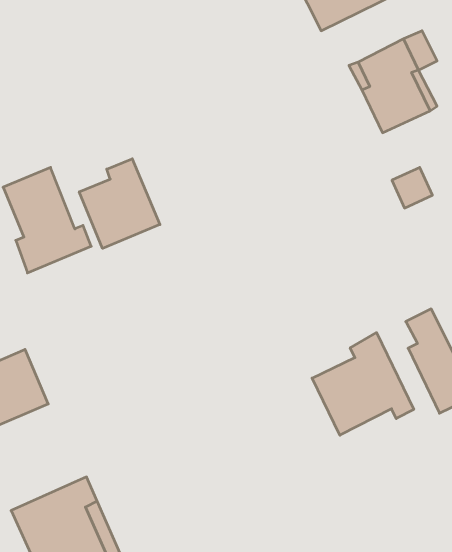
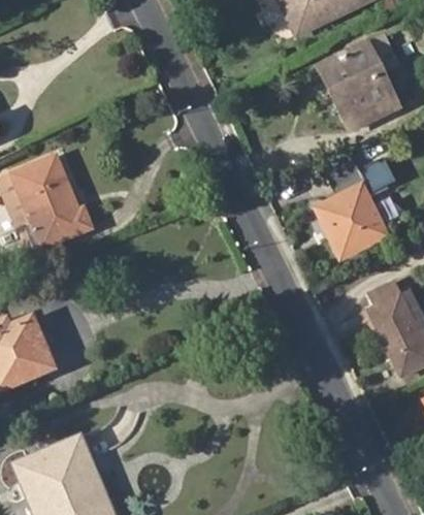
building: [79,159,160,248] -> none
building: none -> [319,190,384,256]
building: [312,333,414,435] -> none

